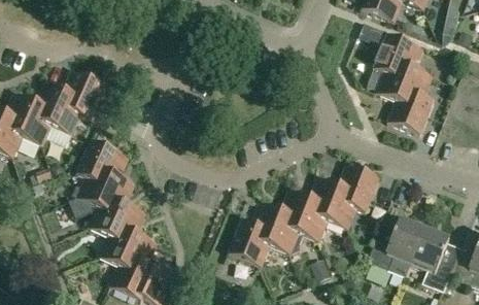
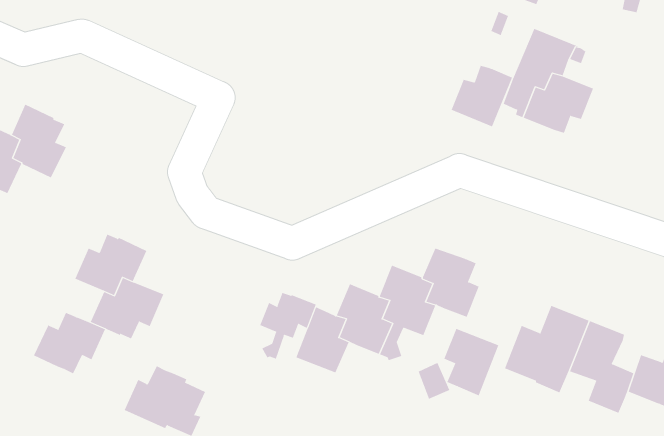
building: [68,73,105,118] -> none
building: [387,92,434,133] -> [443,65,513,127]
building: [76,139,119,182] -> none
building: [342,166,379,211] -> [444,328,499,396]
building: none -> [260,292,317,360]
building: [103,229,151,270] -> [33,312,106,374]

